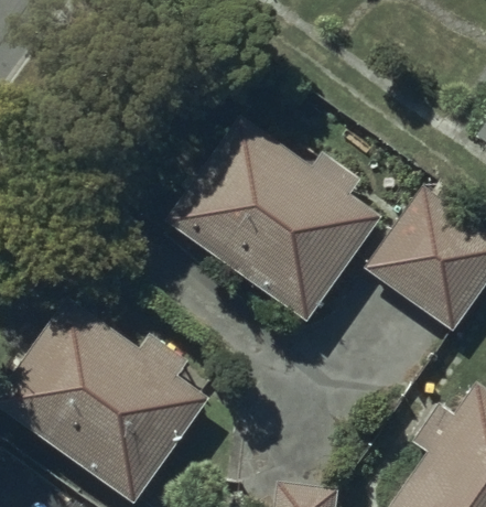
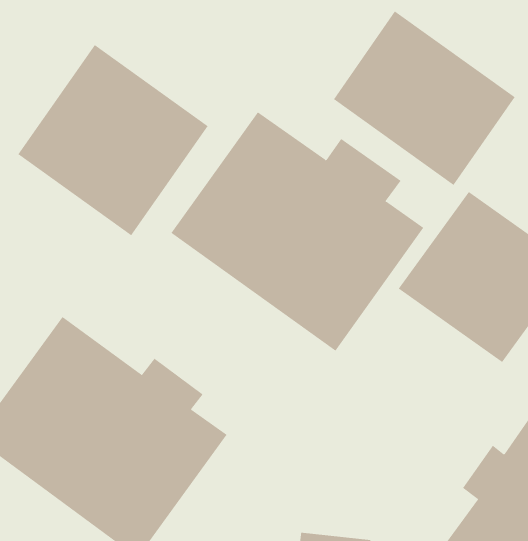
building: none -> [333,10,515,186]
building: none -> [18,44,208,236]

